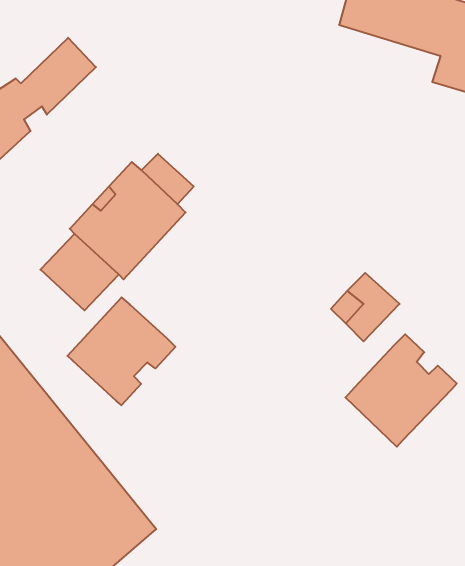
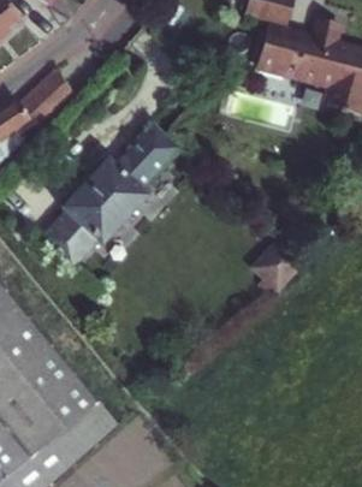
building: none -> [120,125,174,179]
building: [67,297,175,405] -> none
building: [345,334,457,447] -> none

